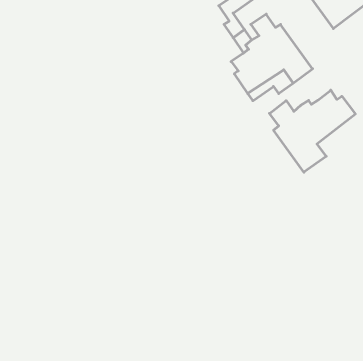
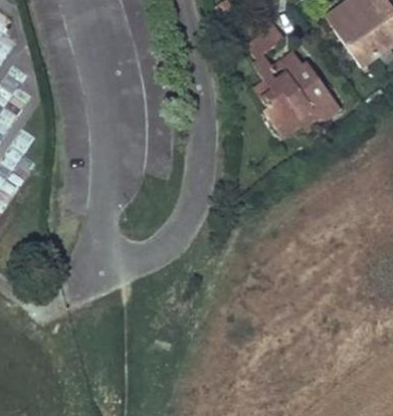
building: [269,90,355,172] -> none

